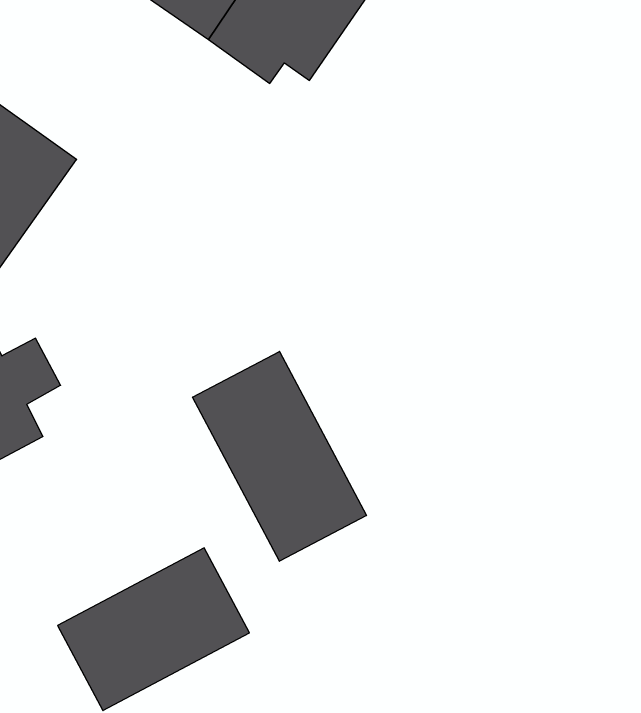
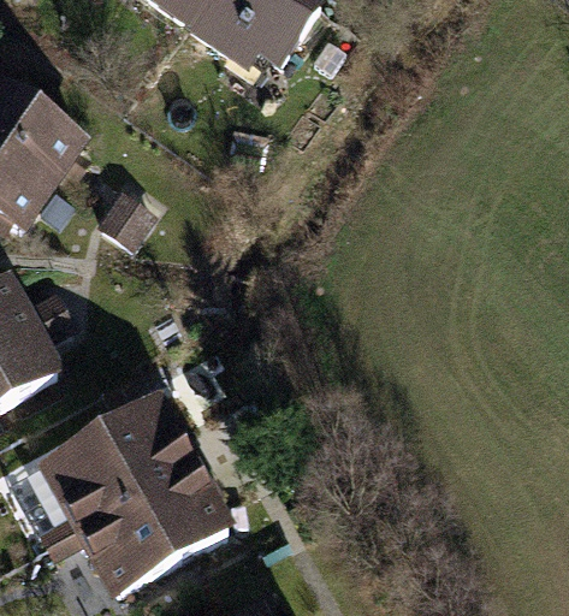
building: [193,351,366,561] -> none
building: none -> [35,393,189,521]

